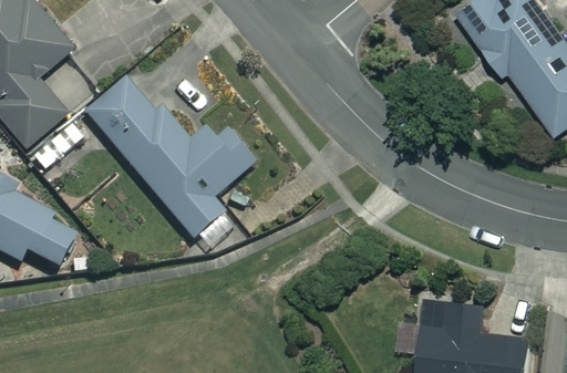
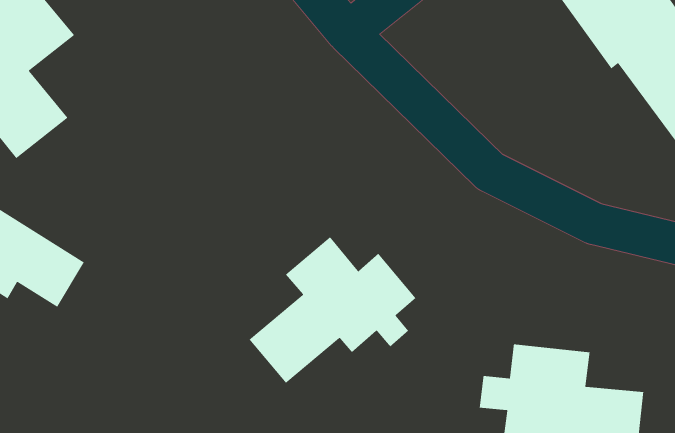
building: [86,73,252,239] -> none
building: none -> [248,236,417,384]

